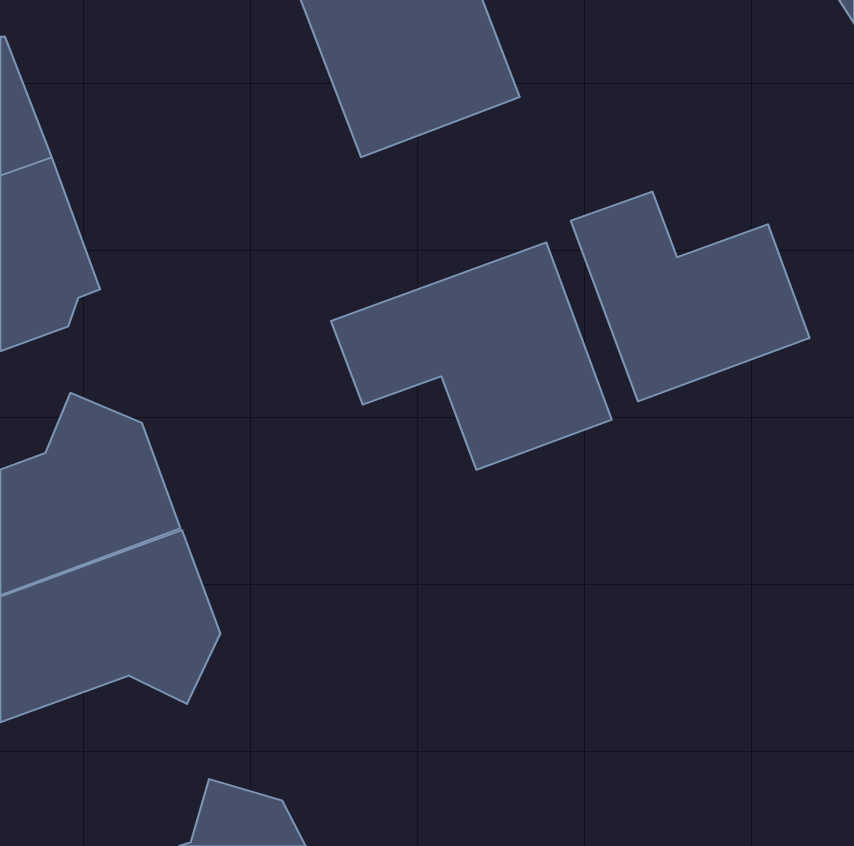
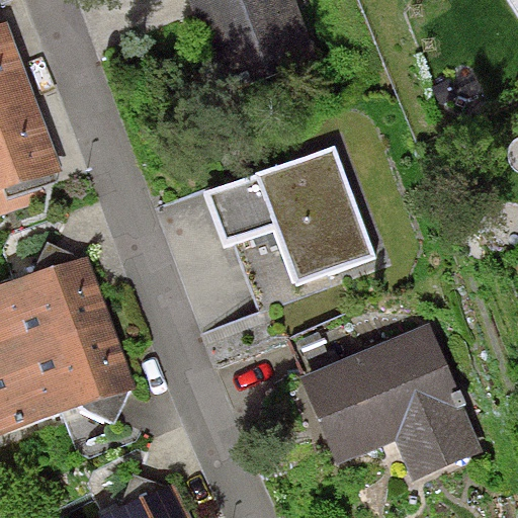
building: [571,192,809,401] -> none
building: none -> [293,320,484,481]

